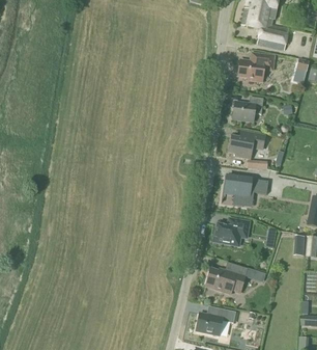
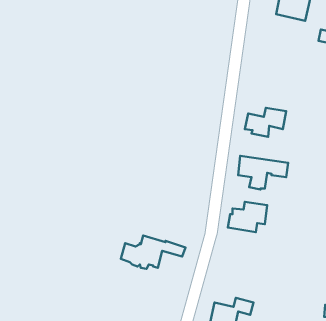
building: [237,52,275,81] -> none
building: [231,100,261,120] -> none
building: [205,262,265,293] -> [121,235,186,269]

